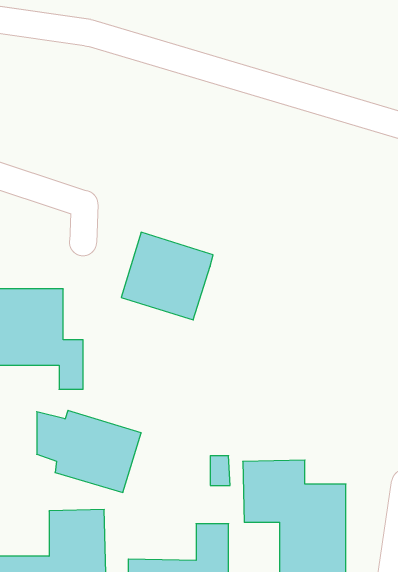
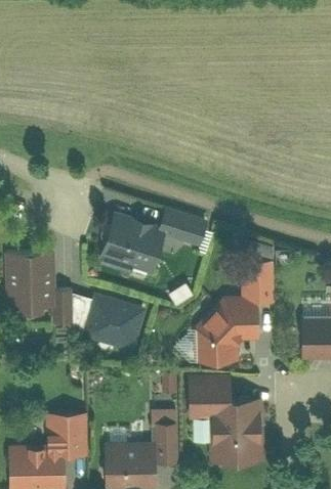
building: none -> [159,209,208,248]
building: none -> [196,262,274,362]
building: [37,410,141,492] -> [71,294,147,353]

